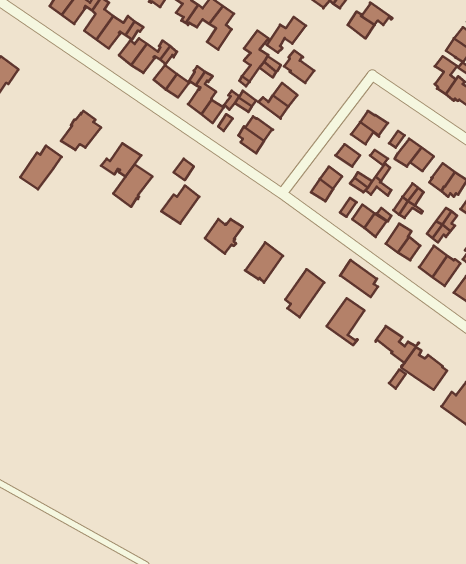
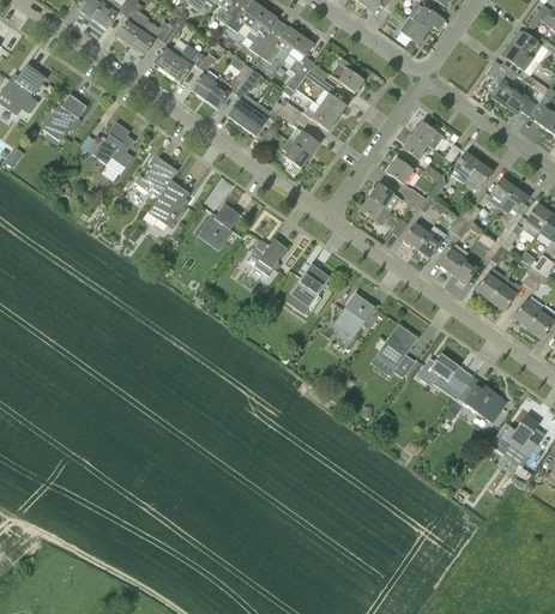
building: [267,17,306,53] -> [260,26,302,65]
building: [20,146,62,189] -> [42,94,86,140]
building: [340,260,378,297] -> none

